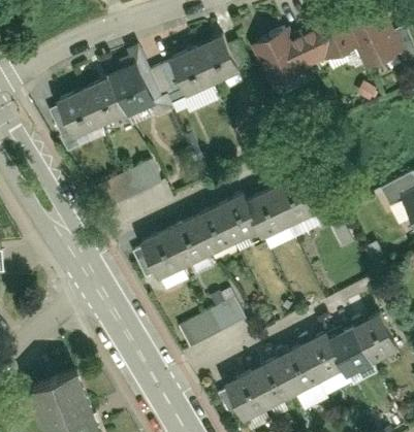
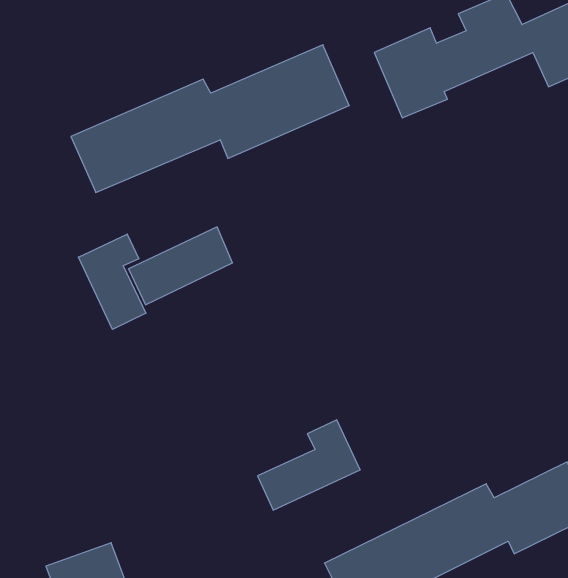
building: none -> [78,234,146,329]
building: [134,179,312,283] -> none

